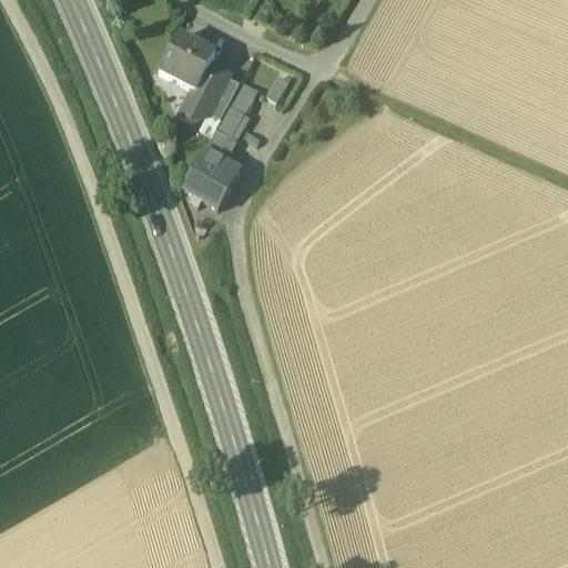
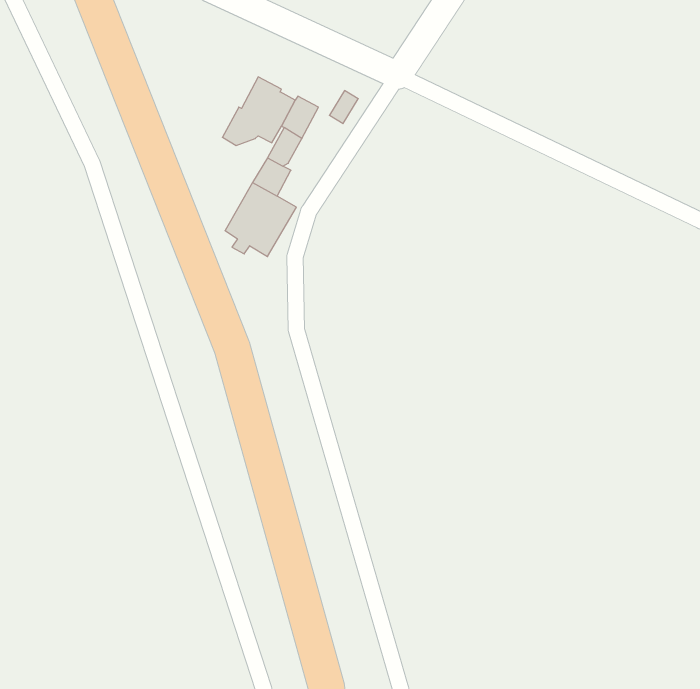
building: [160,32,215,88] -> none

